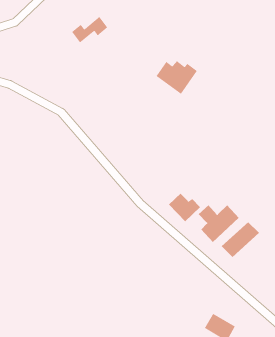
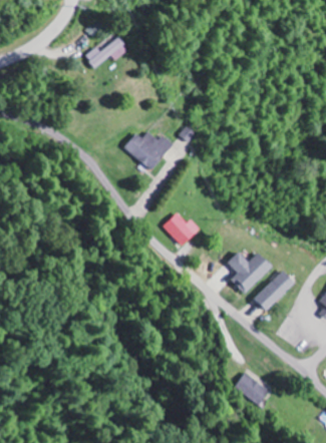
building: [155,60,198,95] -> [123,131,172,170]
building: [168,193,201,222] -> [164,212,201,246]

